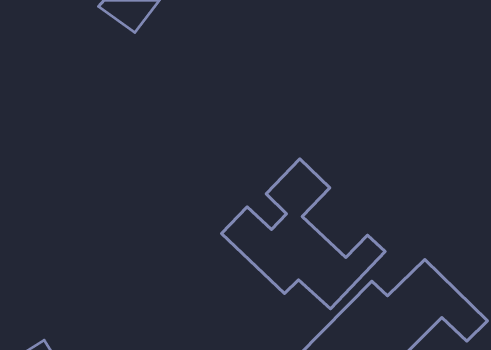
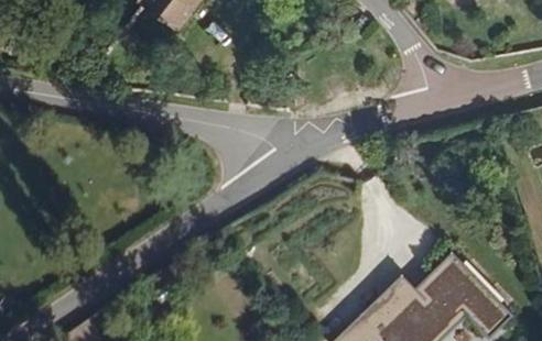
building: [221,159,385,309] -> none

